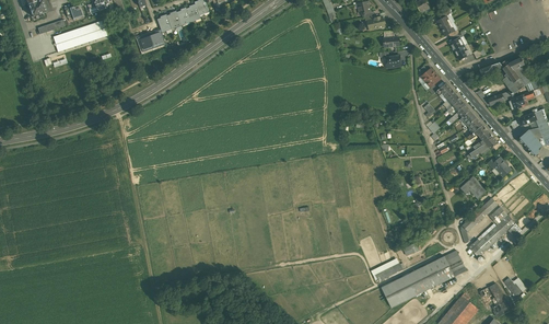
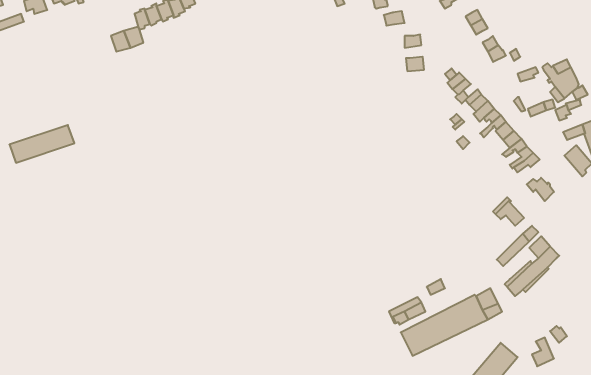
building: [52,20,107,51] -> [9,125,74,163]

